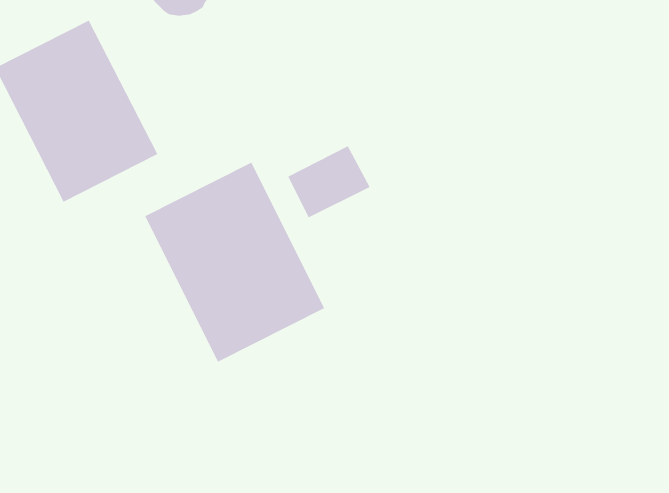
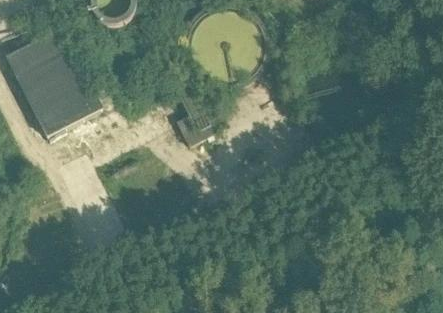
building: [145,162,325,362] -> none

